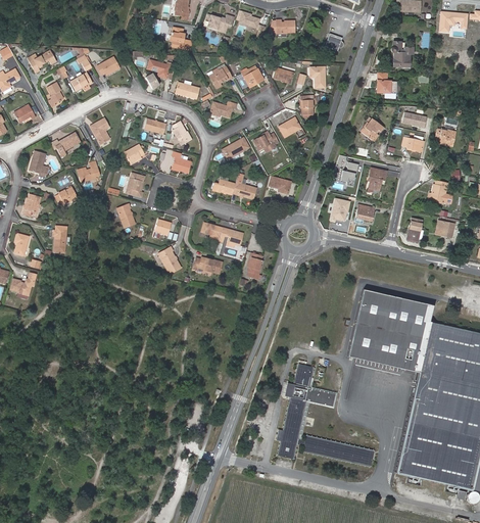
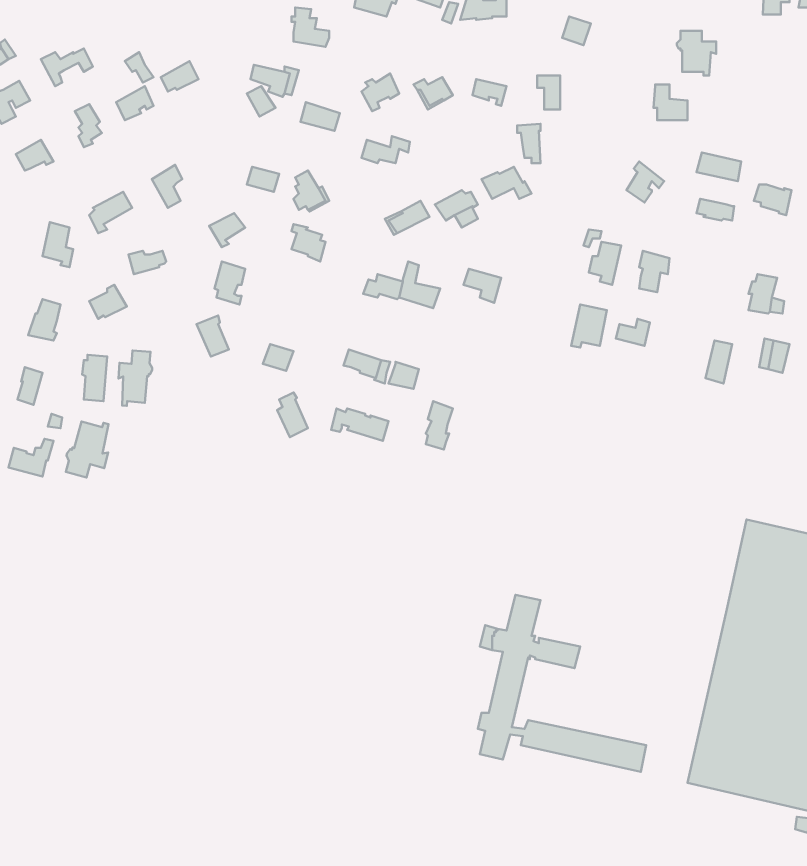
building: none -> [118,351,152,406]
building: none -> [66,421,109,478]
building: [349,289,432,371] -> none

